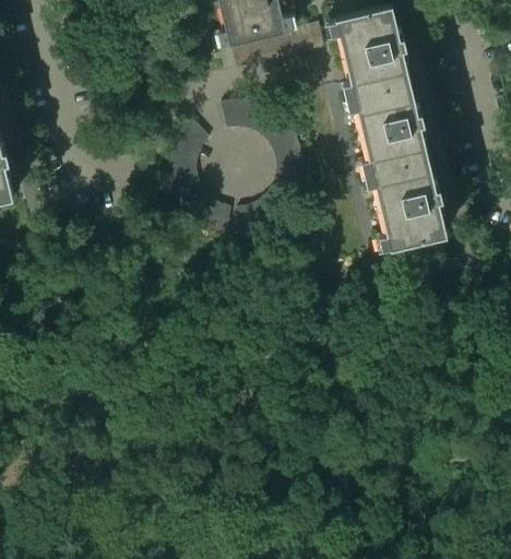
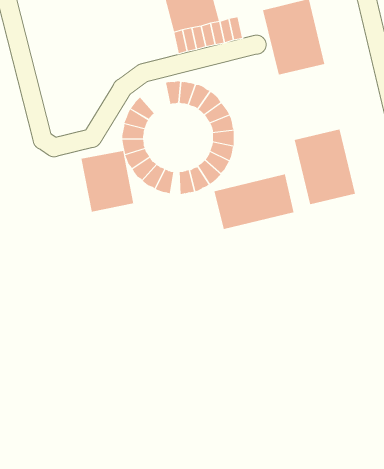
building: [354,80,427,169] -> none
building: none -> [81,150,134,213]
building: none -> [214,174,294,230]

